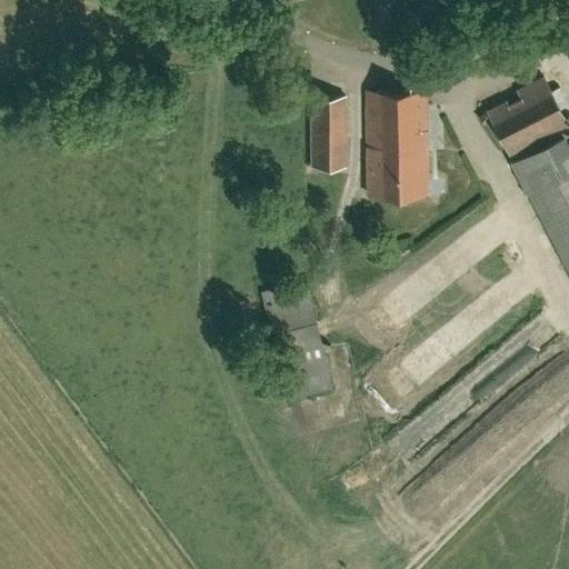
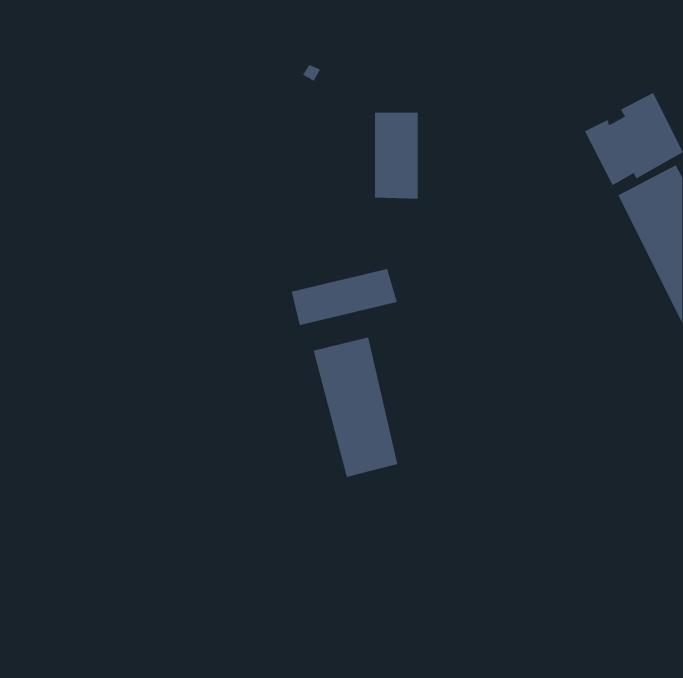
building: [367,94,443,201] -> none
building: none -> [291,268,397,326]

